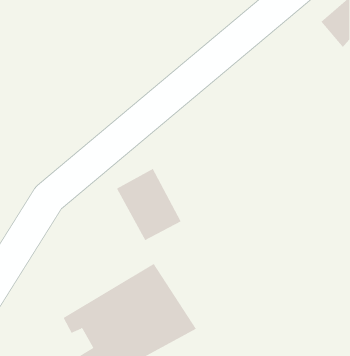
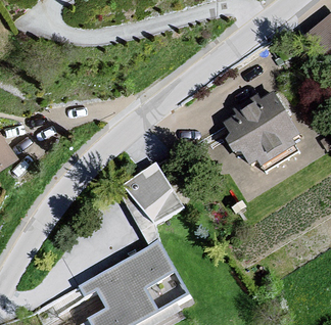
building: none -> [220,95,304,174]

